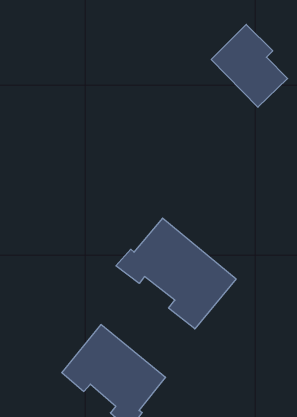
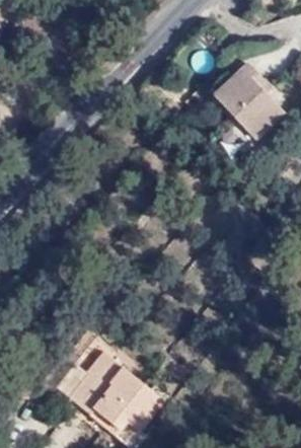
building: [116,218,236,329] -> none

